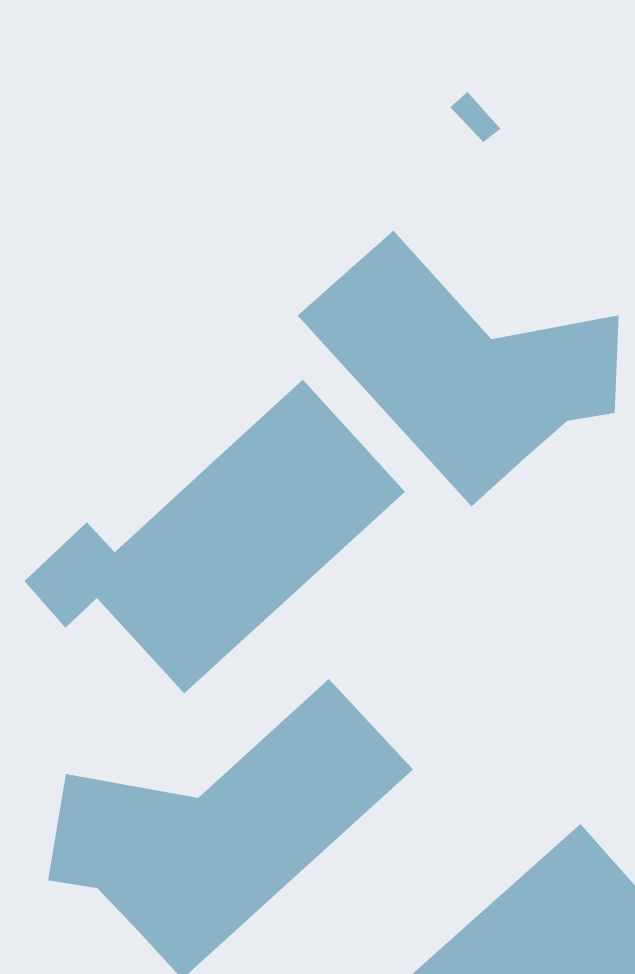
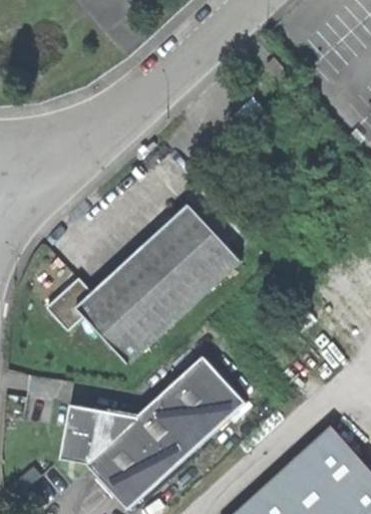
building: [297,230,619,507] -> none

